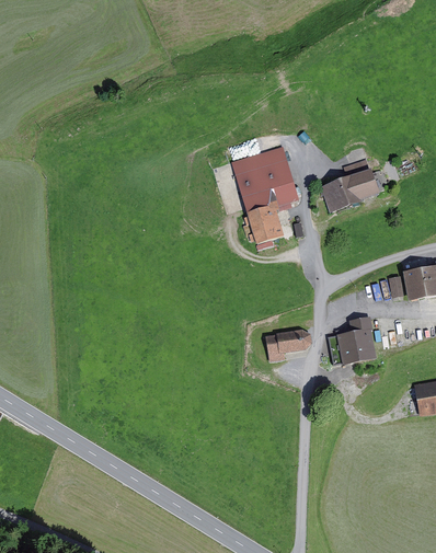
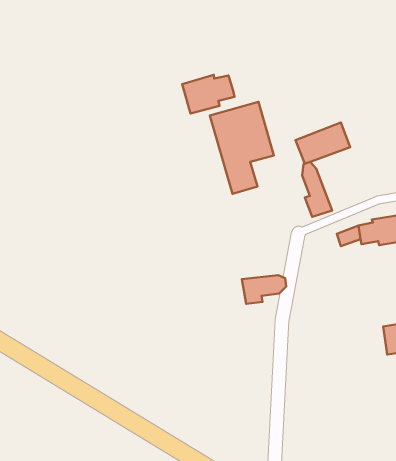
building: none -> [182,75,235,114]
building: none -> [302,162,332,217]
building: [329,315,376,365] -> none

